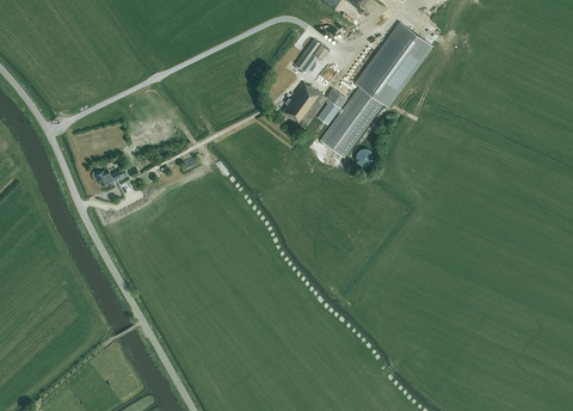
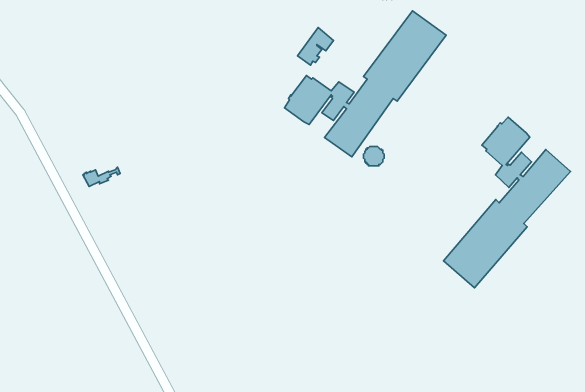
building: none -> [443,117,571,288]

